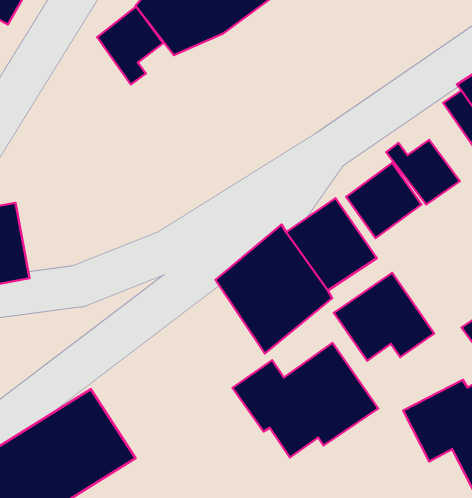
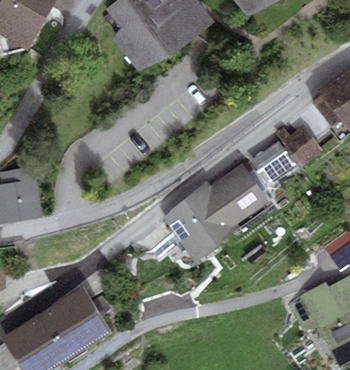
building: [97,7,163,85] -> none
building: [334,273,434,361] -> none
building: [233,343,378,458] -> none

